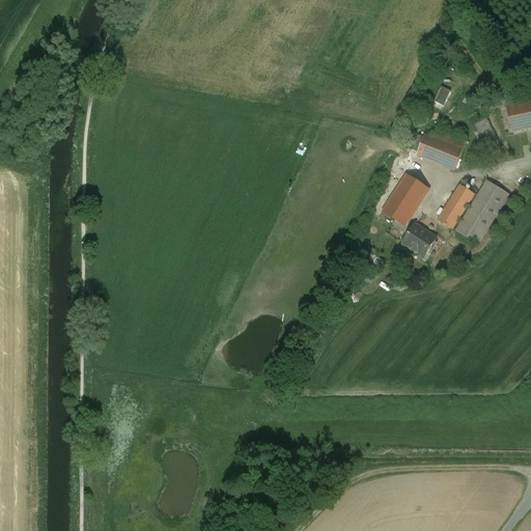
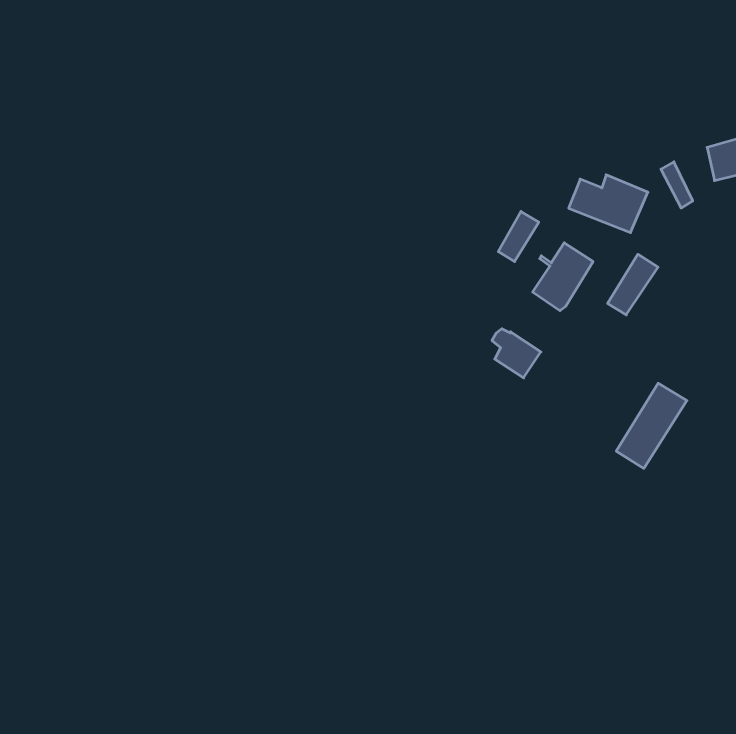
building: none -> [498,211,539,262]
building: [457,180,508,242] -> [616,383,687,468]
building: [400,220,436,255] -> [492,329,541,378]

